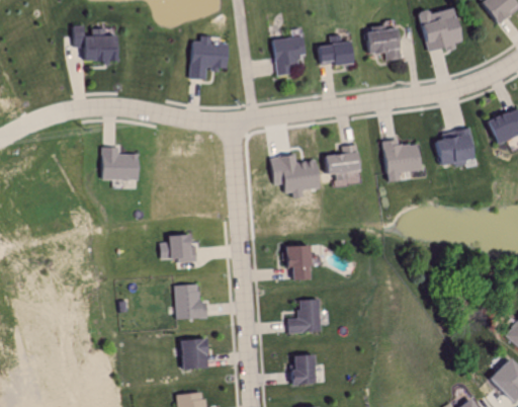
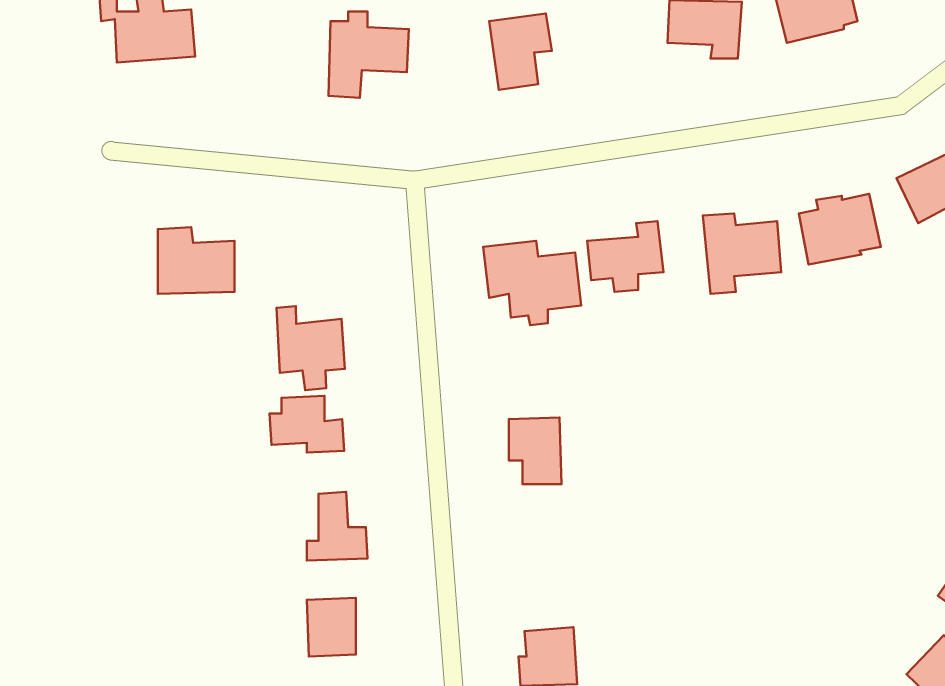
building: [316,40,351,67] -> none
building: none -> [276,306,345,390]
building: [287,299,322,333] -> none

